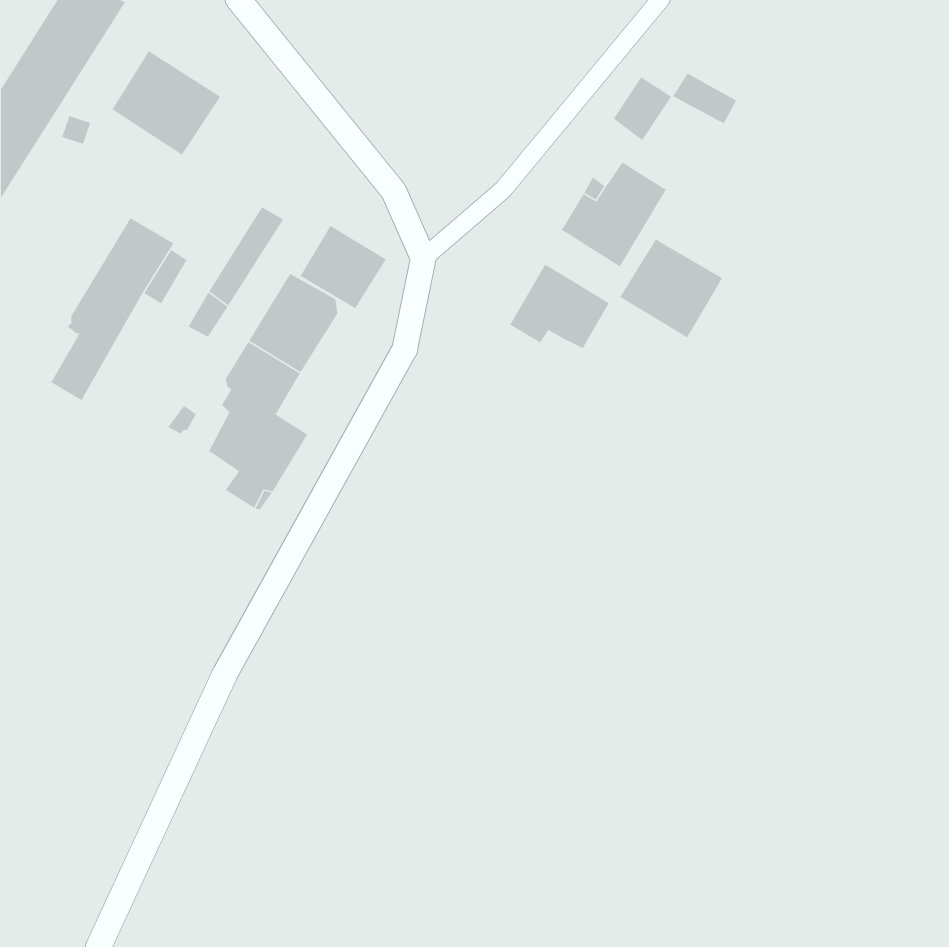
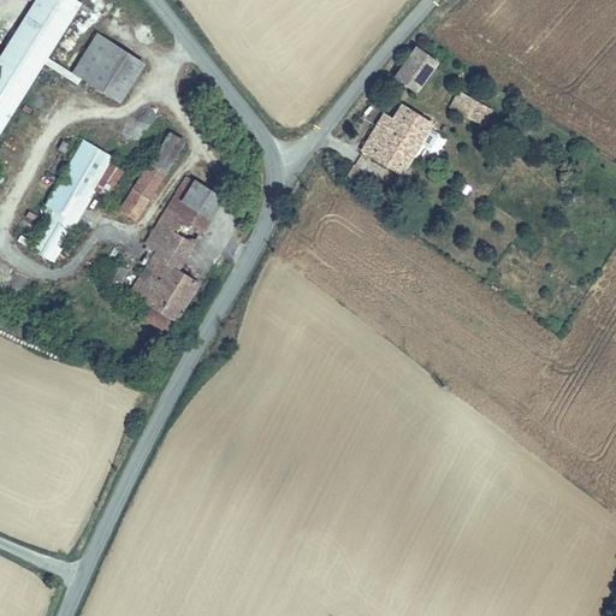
building: [672,72,737,124] -> [450,91,492,125]
building: [299,225,387,309] -> none
building: [619,238,723,338] -> none
building: [509,264,610,349] -> none

